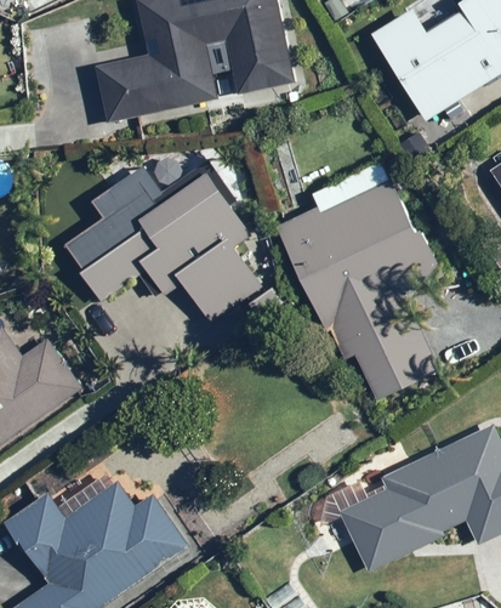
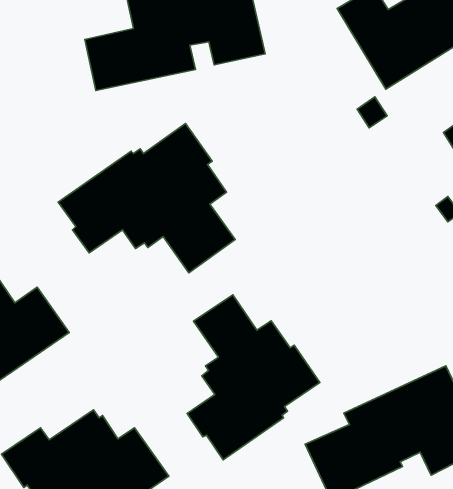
building: [277,180,445,398] -> none
building: none -> [187,295,320,460]

